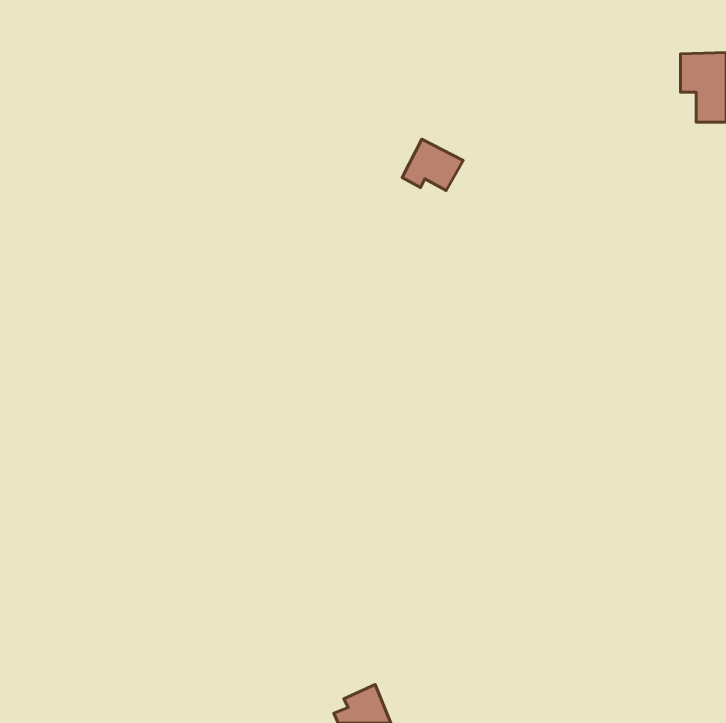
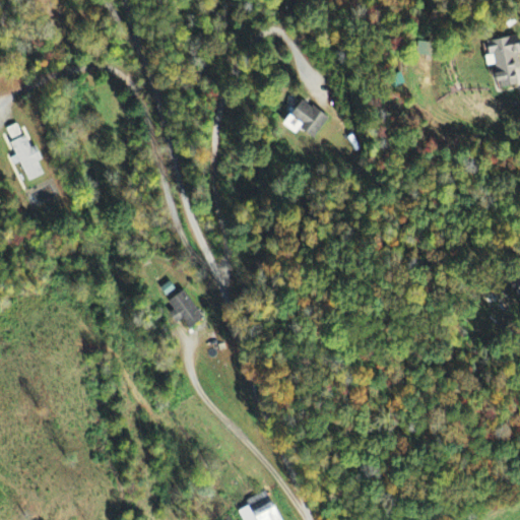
building: none -> [5,123,46,181]
building: none -> [169,291,202,327]

